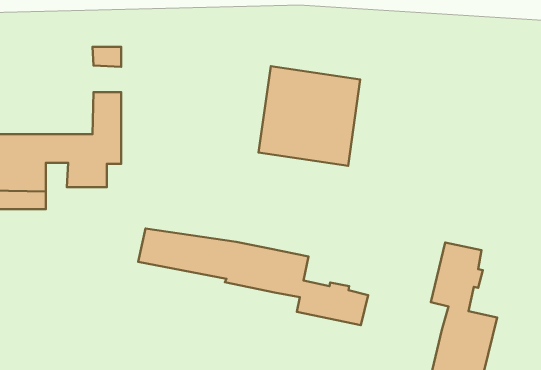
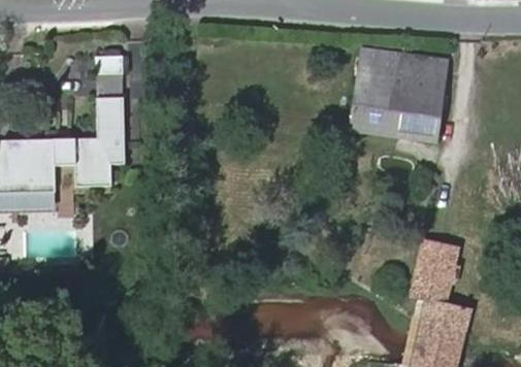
building: [259,66,360,166] -> [352,47,447,140]
building: [138,229,368,325] -> none

